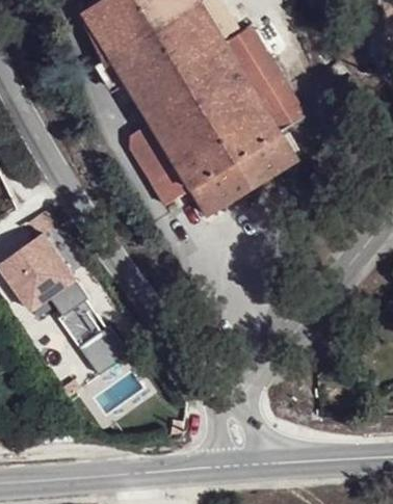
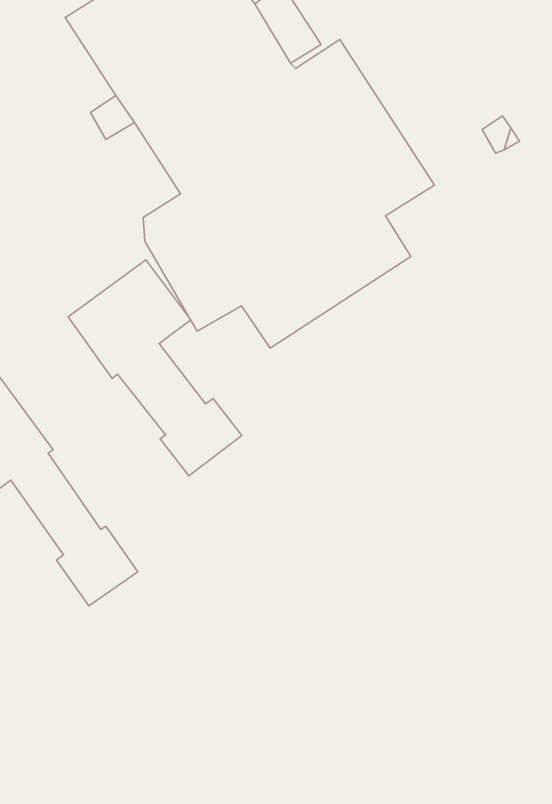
building: none -> [68,260,242,476]

